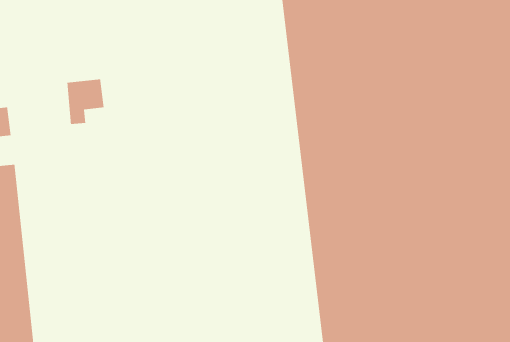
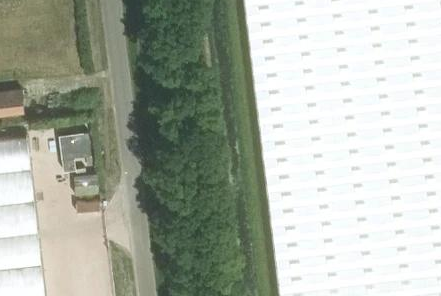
building: [67,78,105,125] -> [59,132,90,170]

